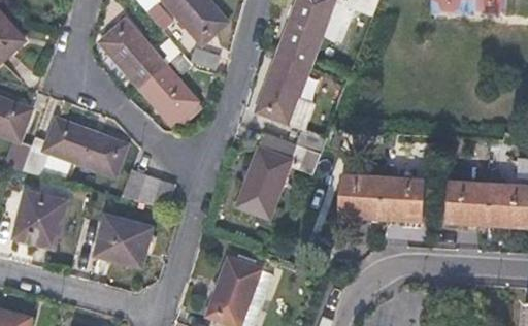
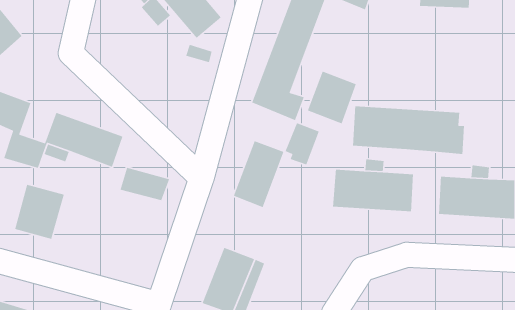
building: [100,19,195,122] -> none
building: none -> [307,71,357,125]
building: none -> [352,105,465,155]
building: [95,215,153,267] -> none

